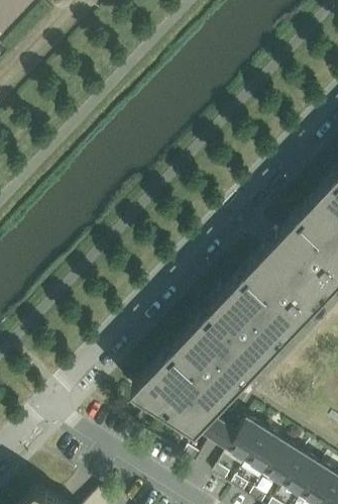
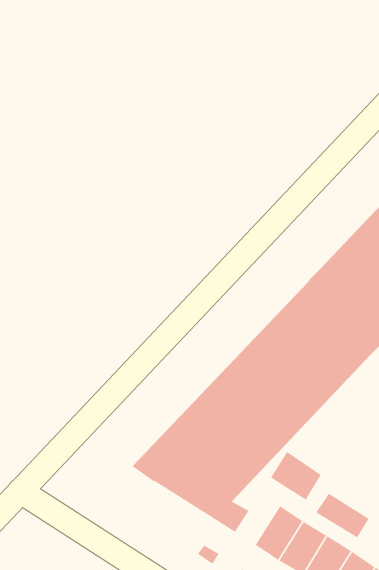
building: none -> [270,451,322,500]
building: none -> [316,493,369,538]

